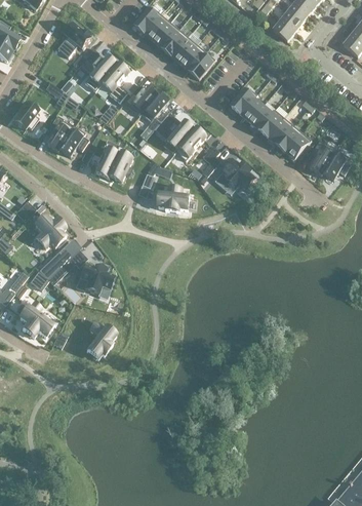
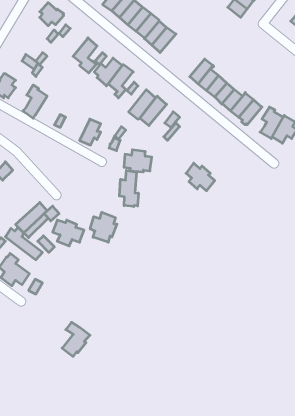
building: [84,56,117,91] -> none
building: [59,125,89,156] -> none
building: [95,145,123,179] -> none
building: [224,159,255,190] -> [186,163,215,191]
building: none -> [119,170,138,207]
building: [34,215,66,247] -> none
building: none -> [90,212,117,242]
building: [85,321,116,359] -> [62,322,90,356]

